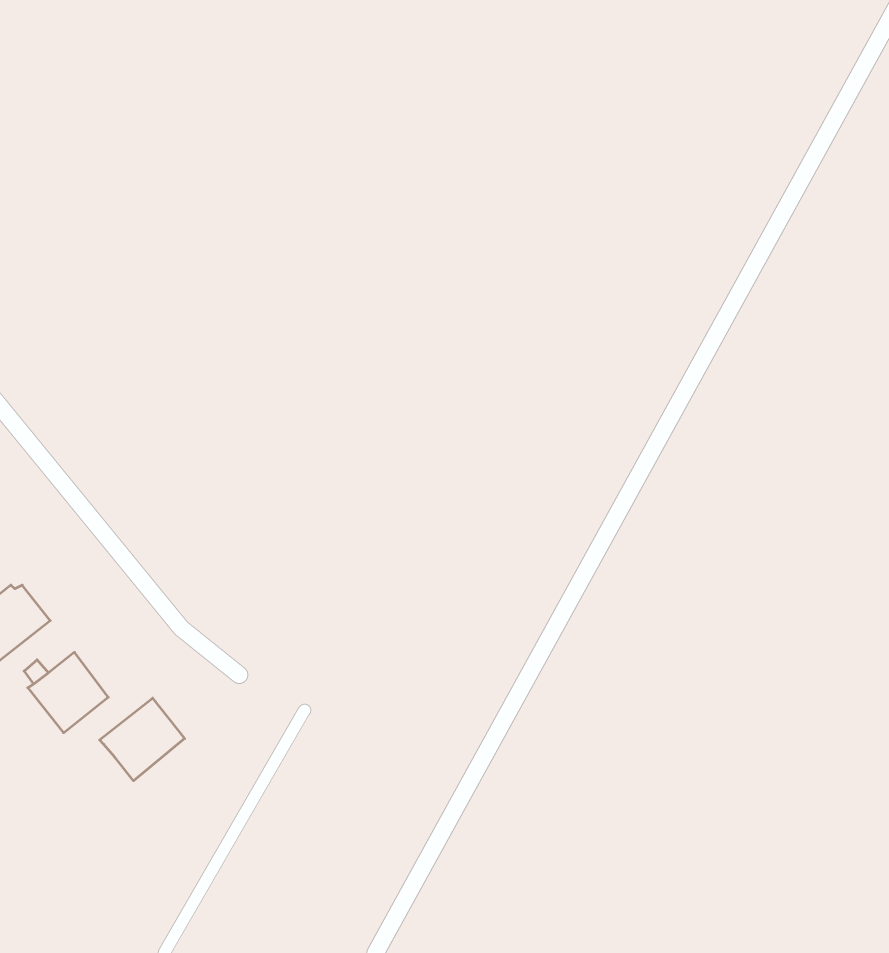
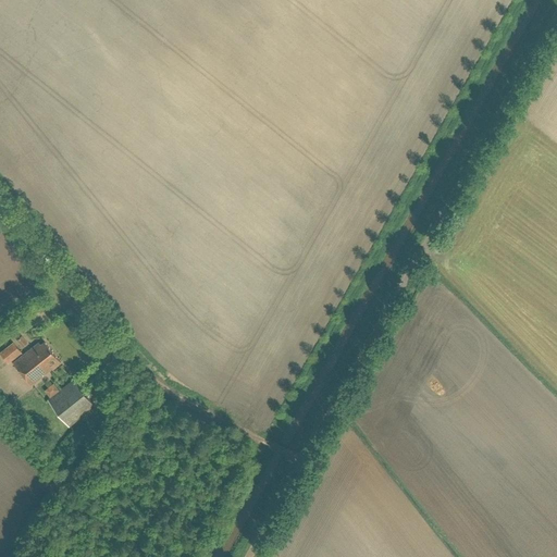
building: [100,698,185,781] -> none

